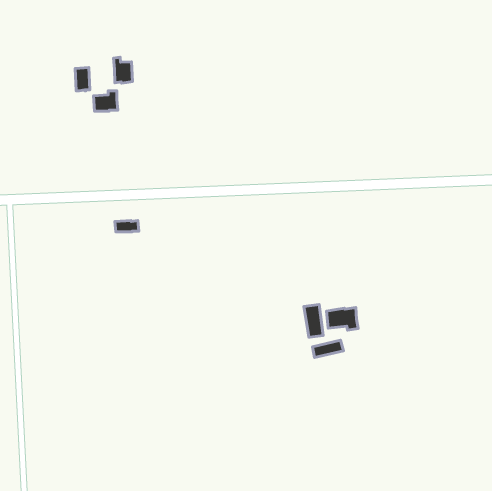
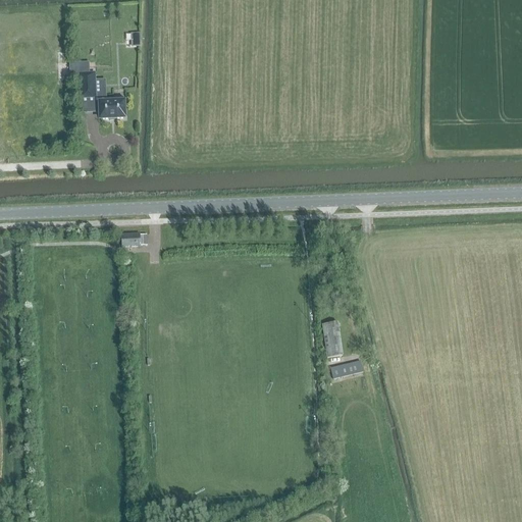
building: [114,57,132,83] -> none
building: [326,307,358,330] -> none

